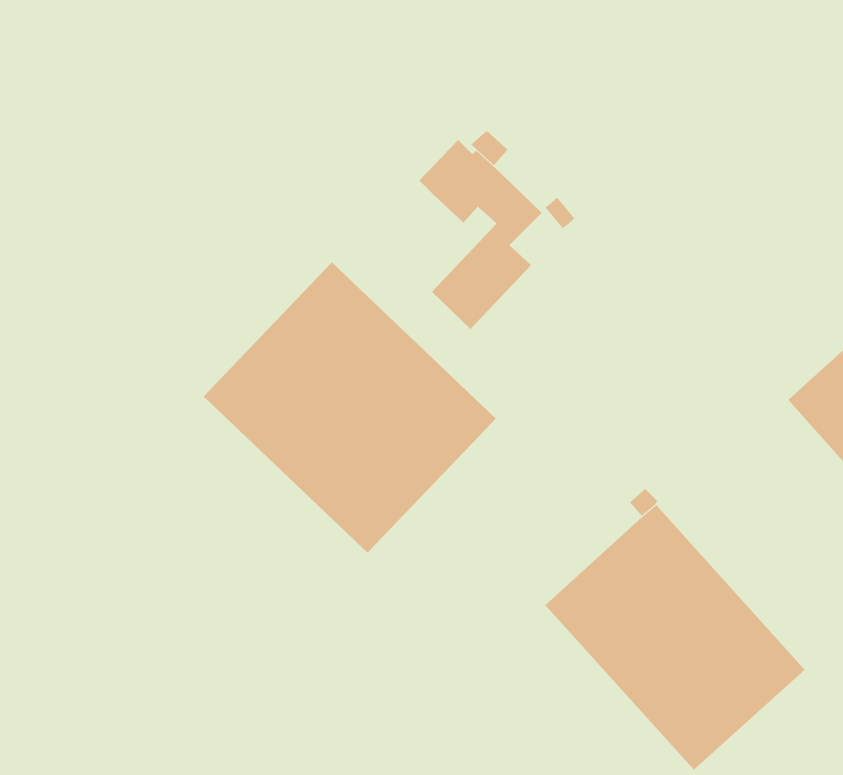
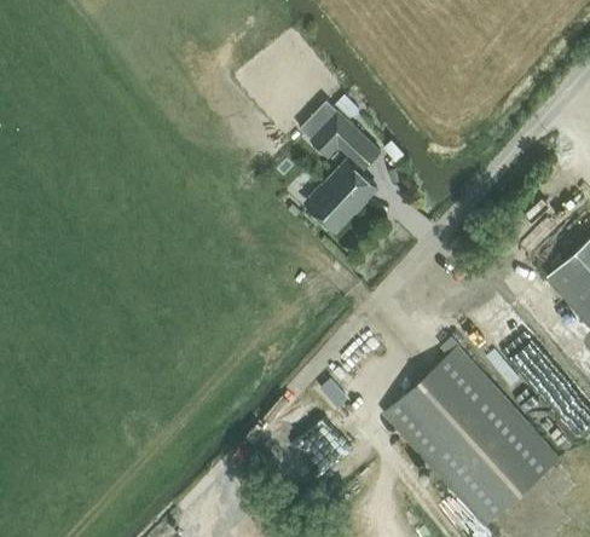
building: [203,261,496,553] -> none

